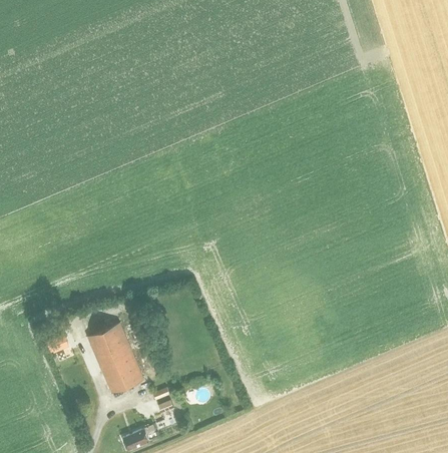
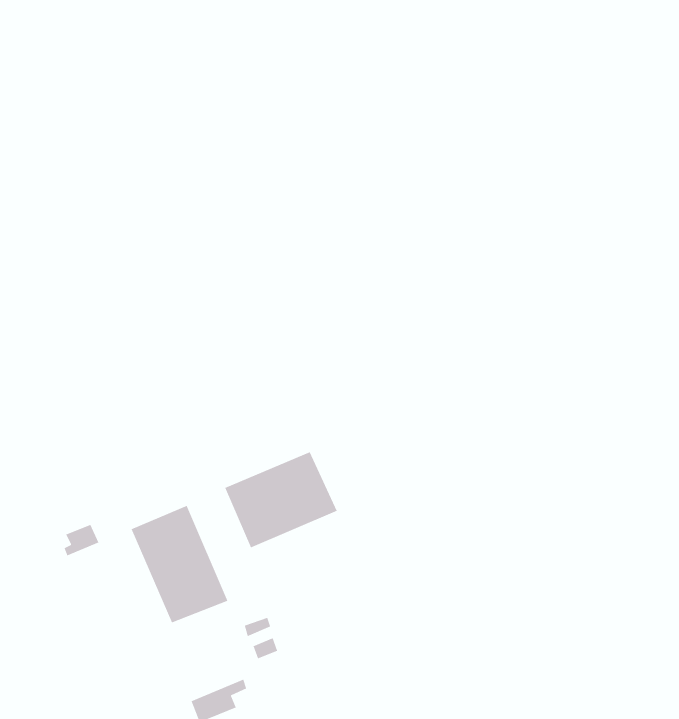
building: none -> [224,451,338,548]

